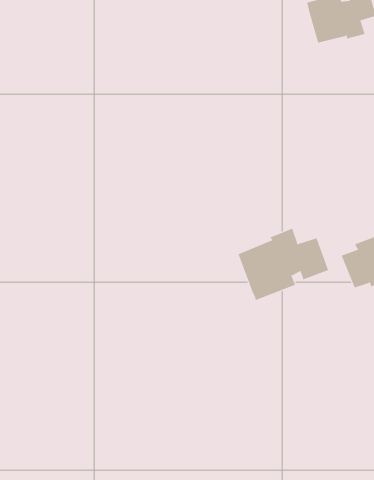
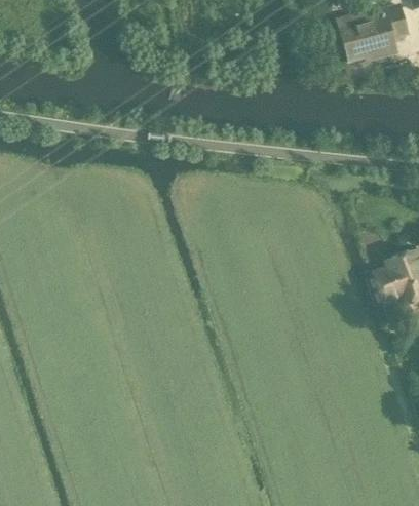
building: [238,228,329,301] -> none

